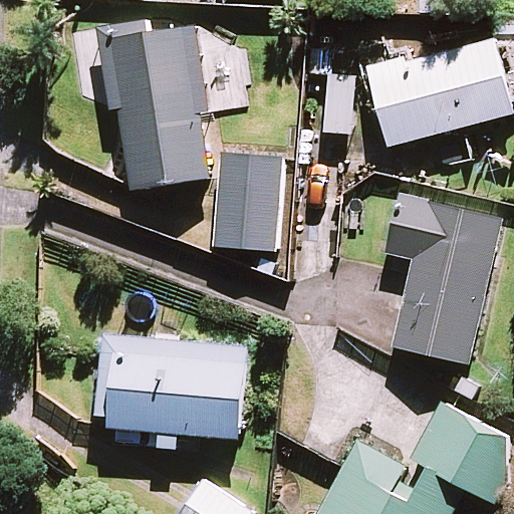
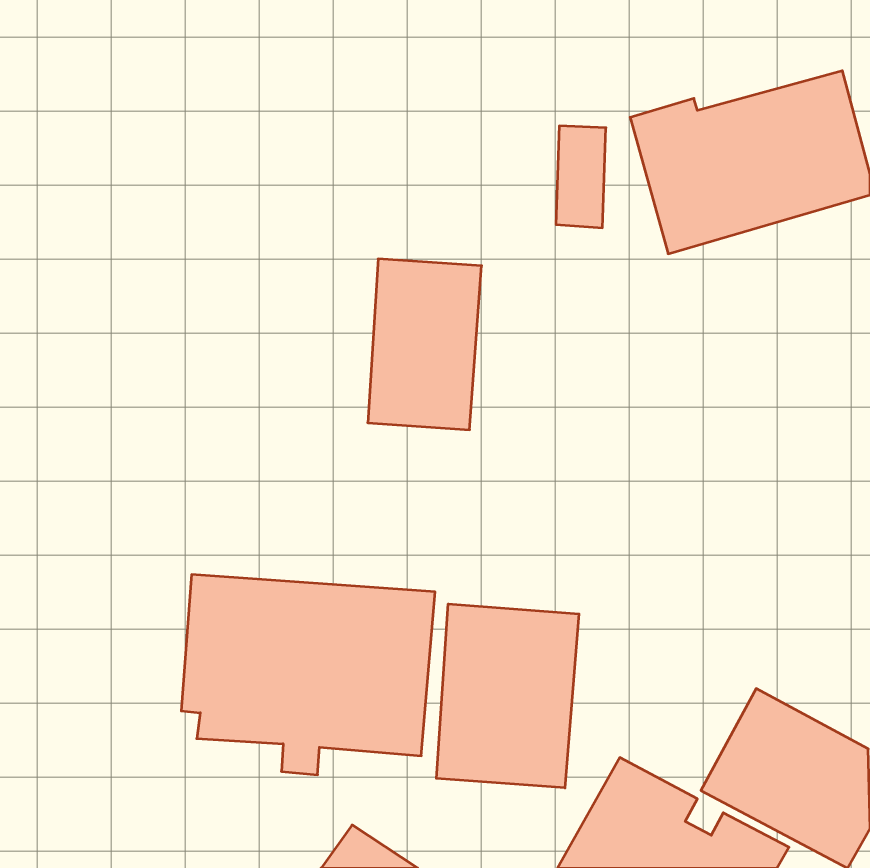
building: [104,27,212,188] -> none
building: [383,195,499,362] -> none
building: none -> [436,604,579,788]

